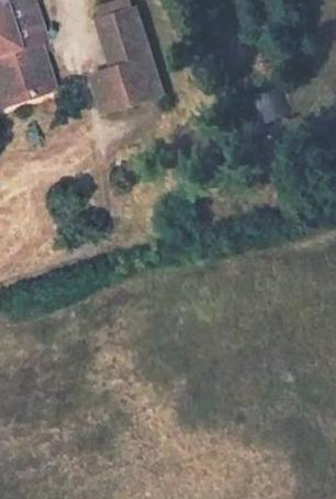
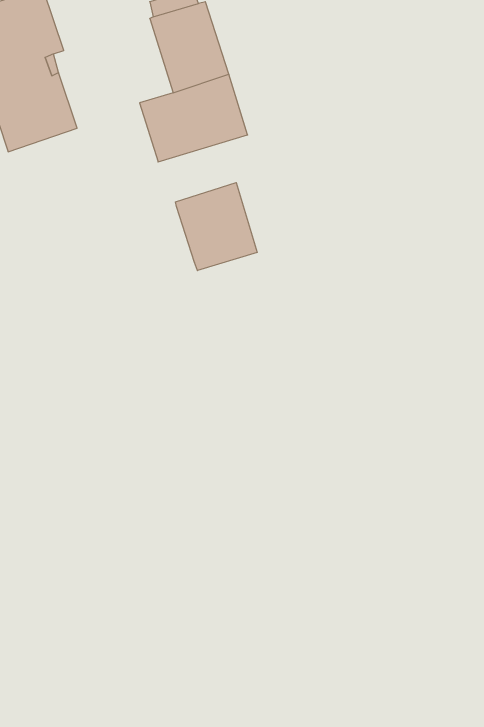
building: none -> [175,183,257,271]

